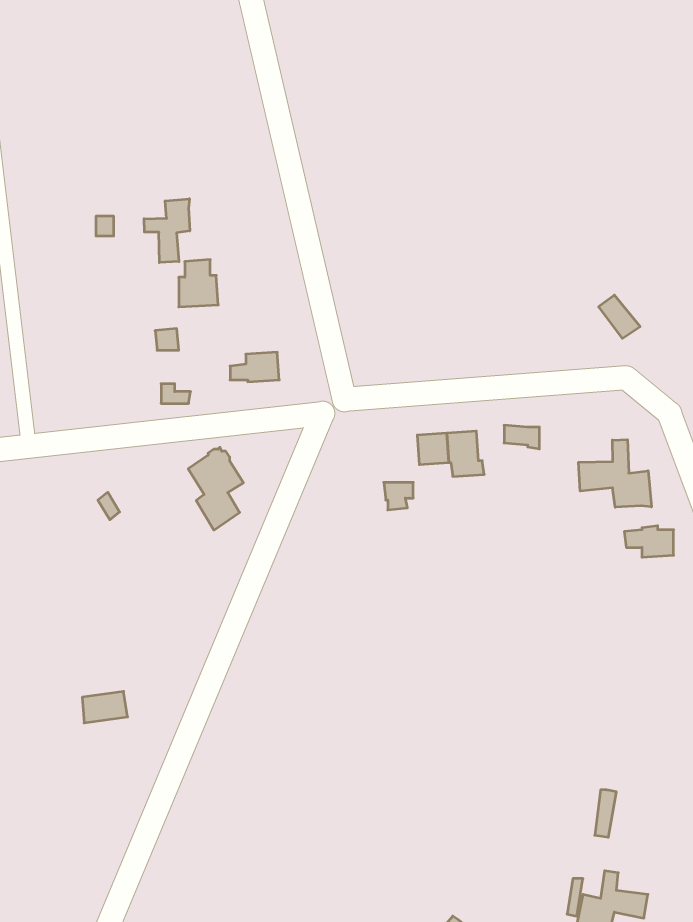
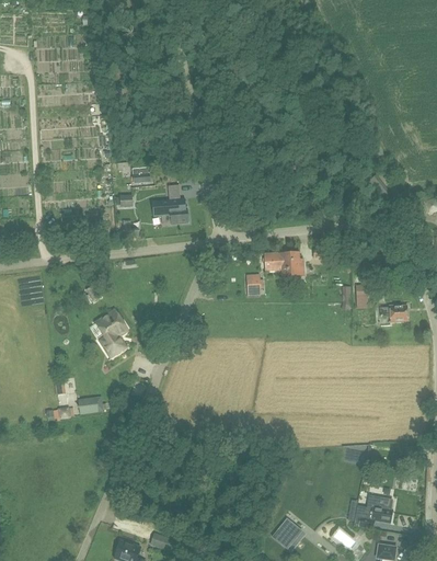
building: [144,199,190,263] -> none
building: [579,440,651,507] -> none
building: [188,447,243,530] -> [96,310,127,356]

